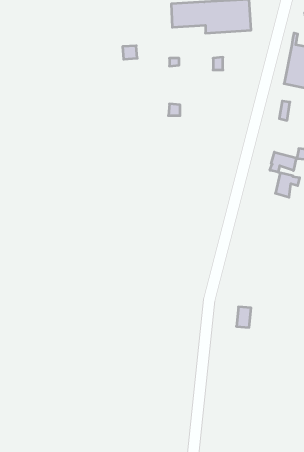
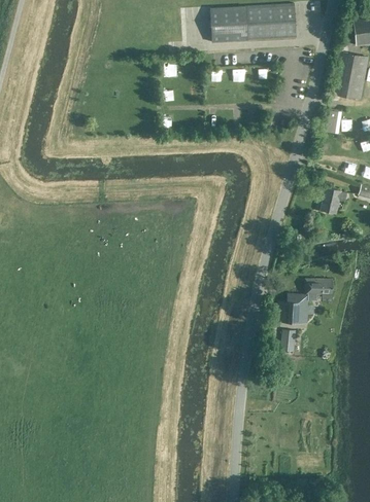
building: [270,152,296,172] -> none
building: none -> [278,279,333,322]

